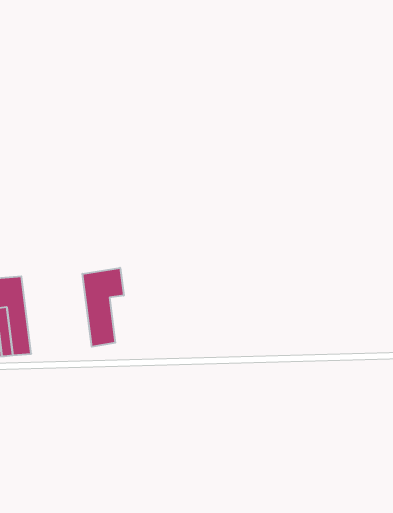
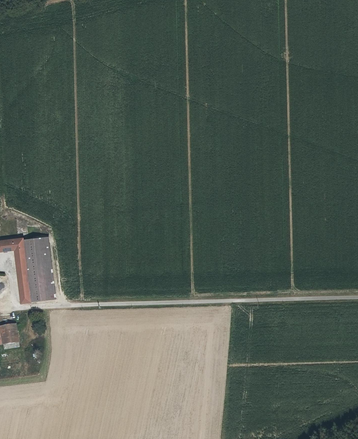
building: [82,268,124,347] -> none

